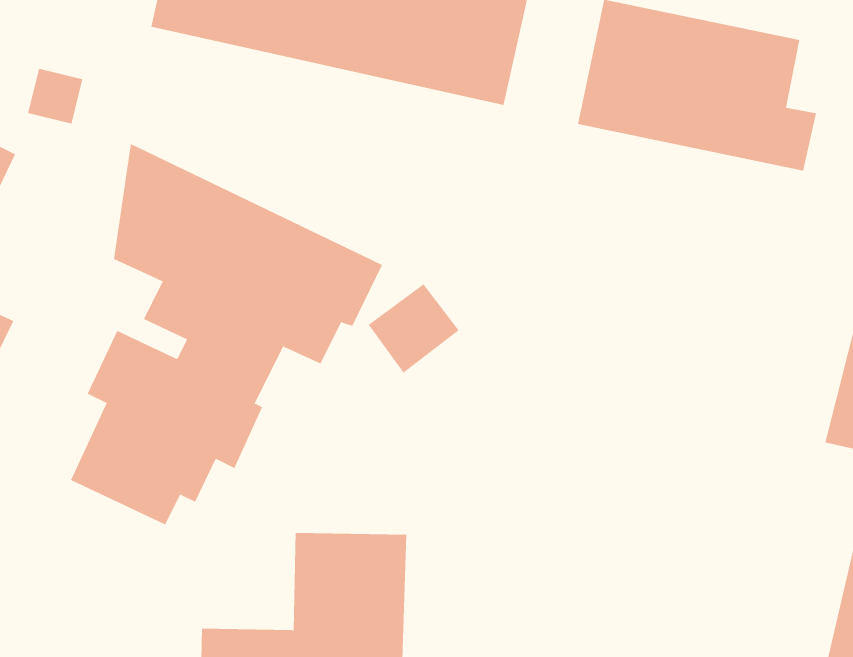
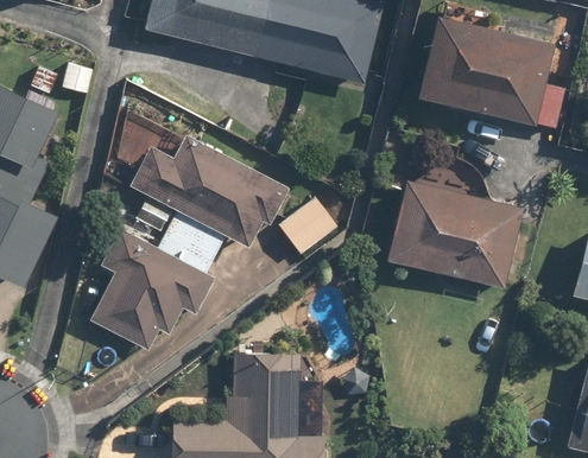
building: none -> [384,153,523,288]

